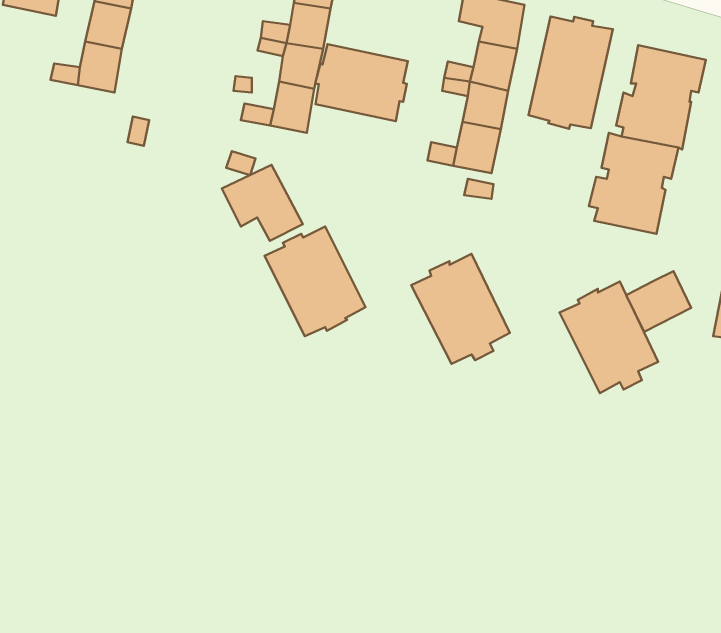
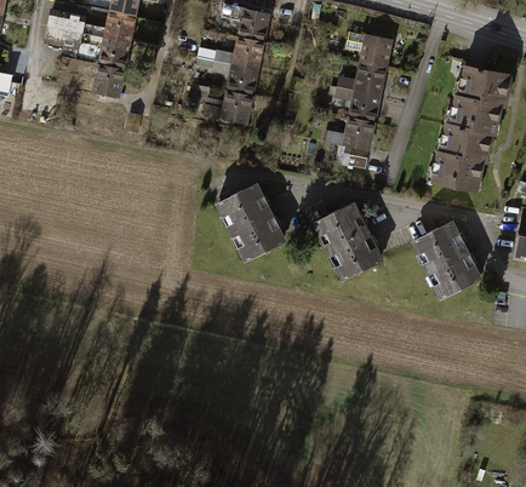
building: [529,16,613,129] -> none
building: [315,44,408,121] -> none
building: [222,165,303,241] -> none
building: [626,271,691,332] -> none

